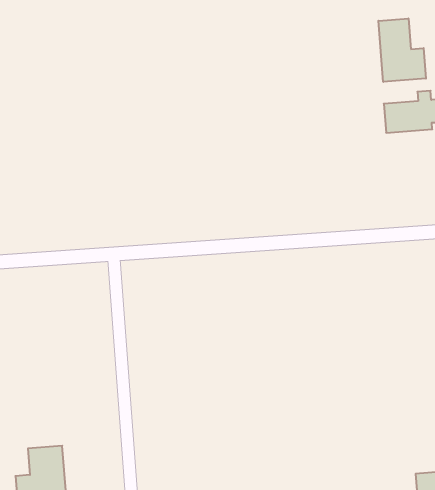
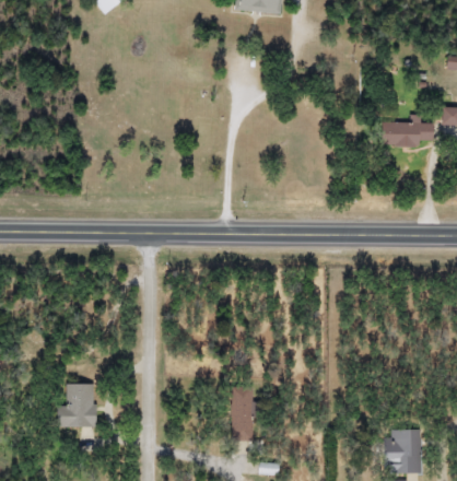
building: [378,18,426,82] -> none

